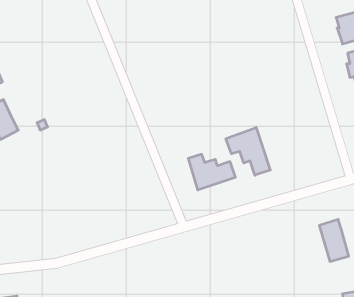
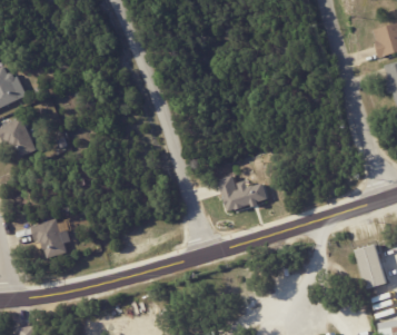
building: [226,127,270,175] -> none
building: none -> [30,218,66,257]

